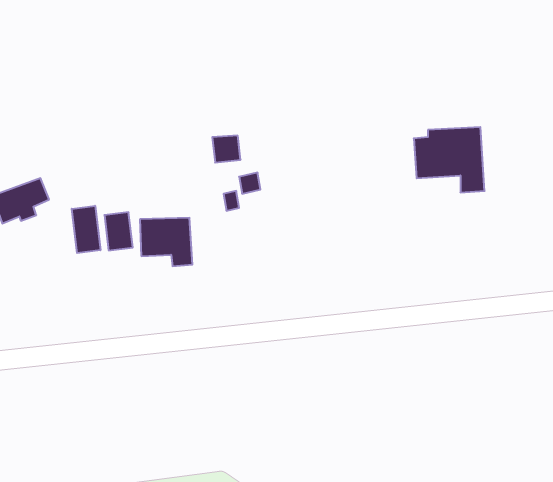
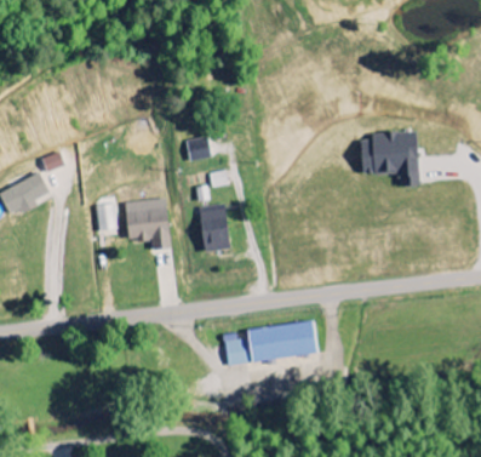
building: [72,206,100,253] -> none
building: none -> [200,204,228,250]
building: none -> [225,321,316,362]

